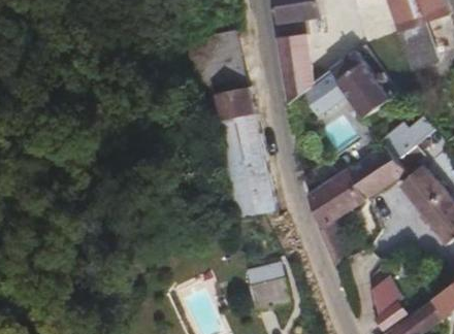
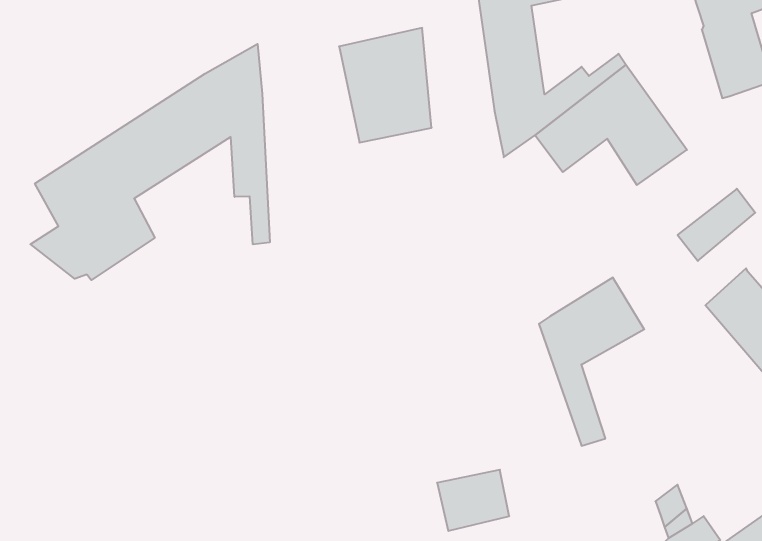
building: none -> [30,44,270,280]
building: [207,86,273,218] -> none
building: [349,145,404,198] -> none

